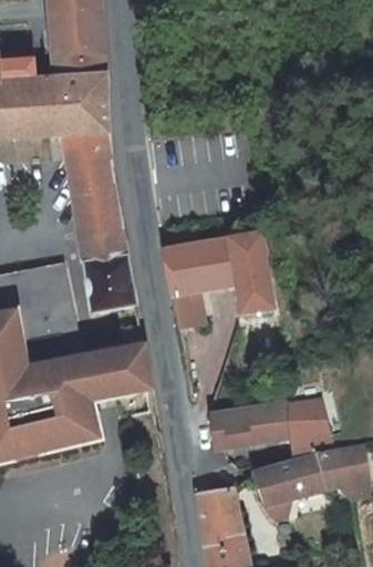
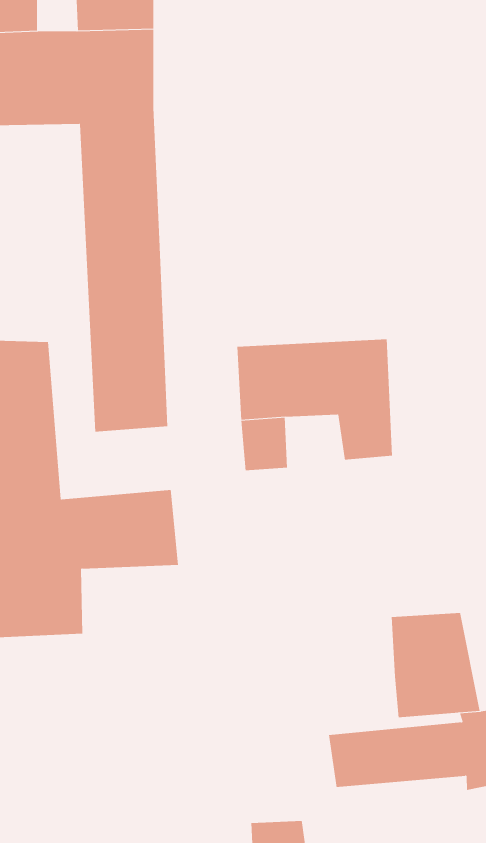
building: [216,404,288,451] -> none
building: [200,485,239,539] -> none

